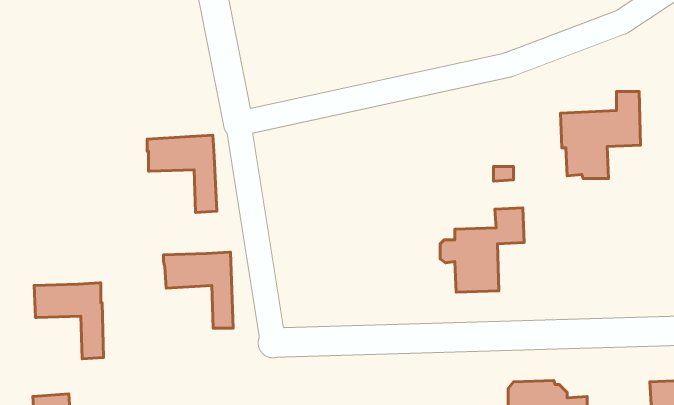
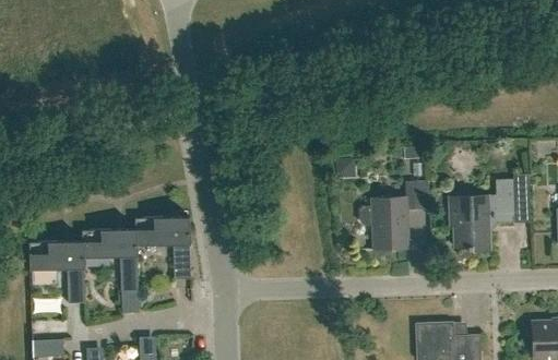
building: [560,92,641,179] -> [450,179,515,250]
building: [147,135,217,213] -> [82,228,139,291]

